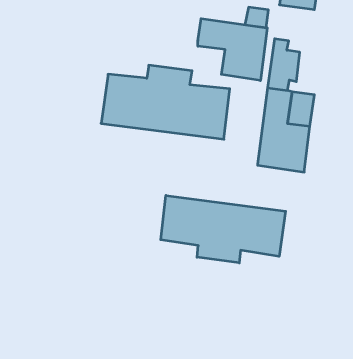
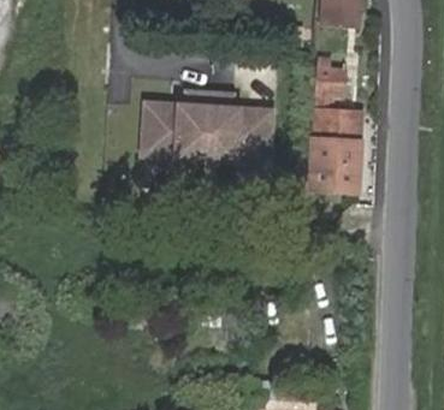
building: [198,19,267,81] -> none
building: [161,195,286,263] -> none

